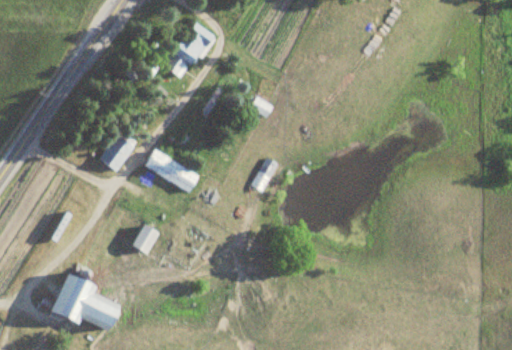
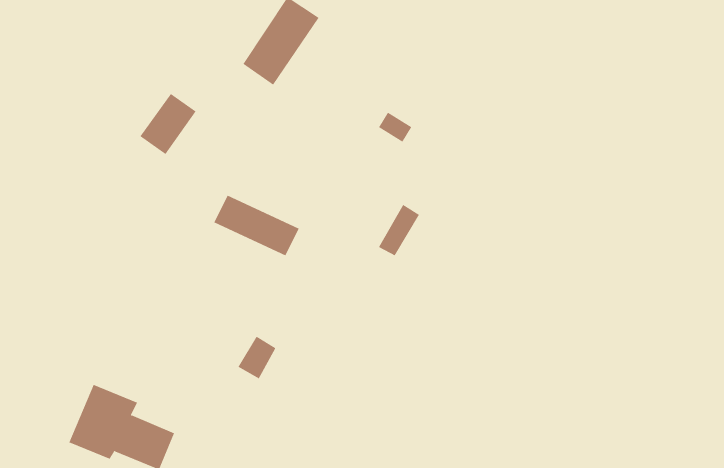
building: [100,131,137,171] -> [140,93,197,155]
building: [133,225,158,253] -> [238,336,276,379]

